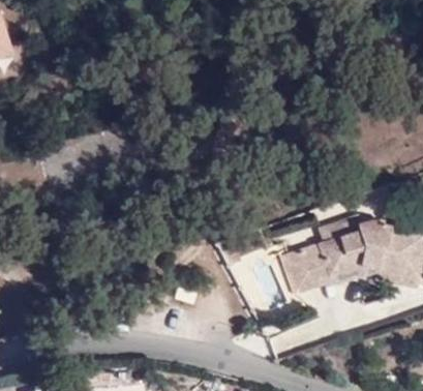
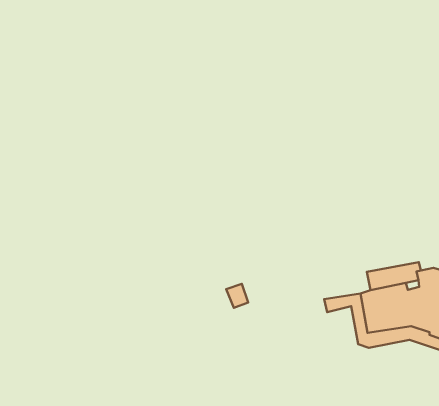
building: [283,254,324,296] -> none

